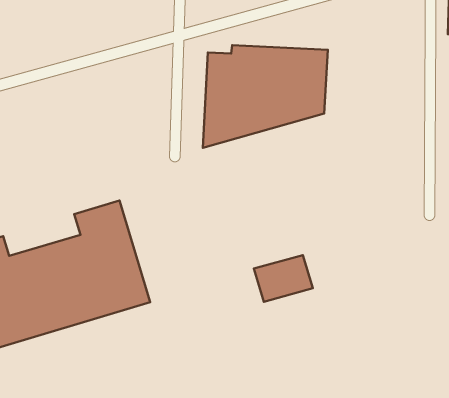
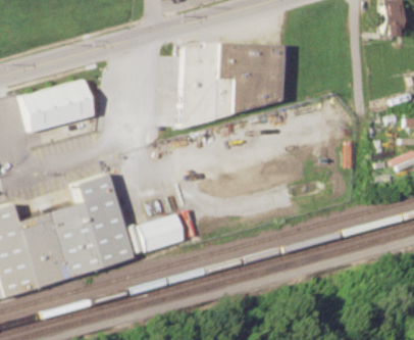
building: none -> [21,80,95,133]
building: [254,255,313,302] -> [137,213,186,252]

